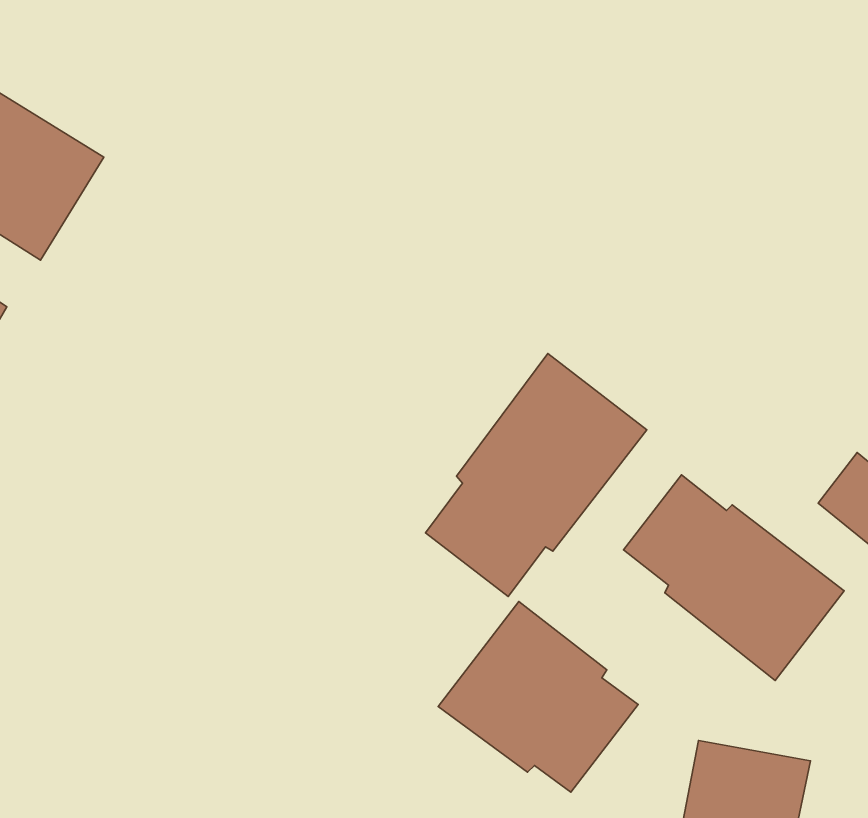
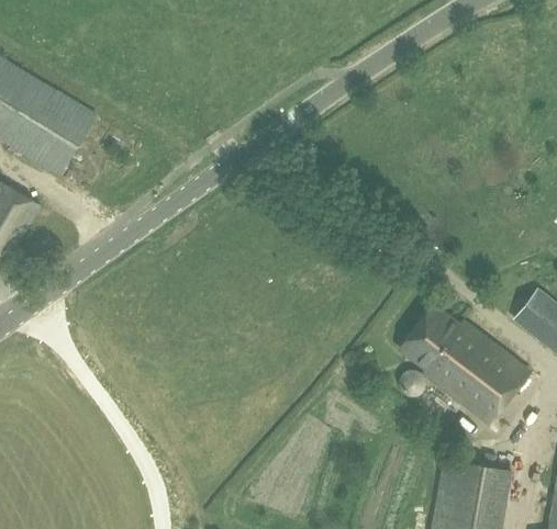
building: [425,354,647,596] -> none
building: [438,602,638,792] -> none

